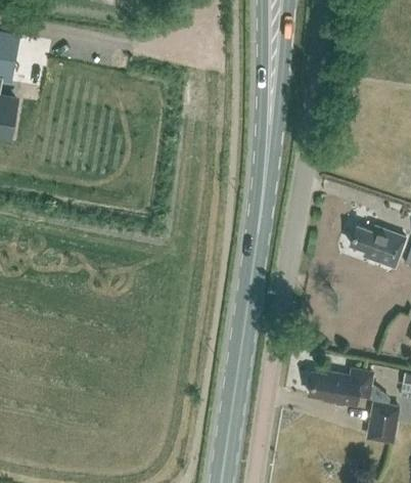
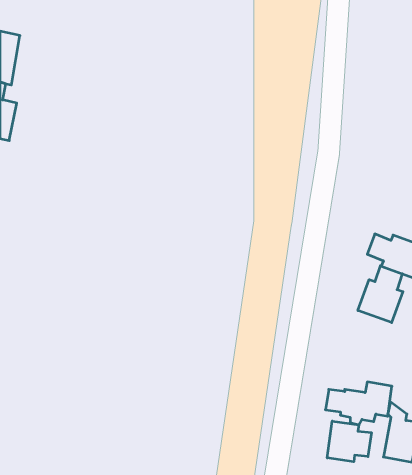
building: none -> [358,266,403,323]
building: none -> [327,421,371,462]

